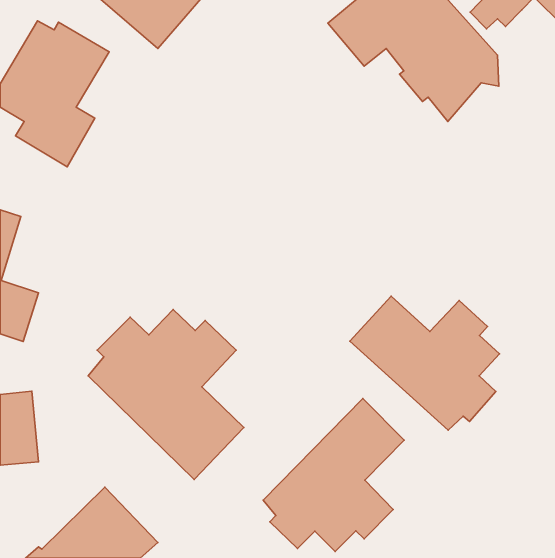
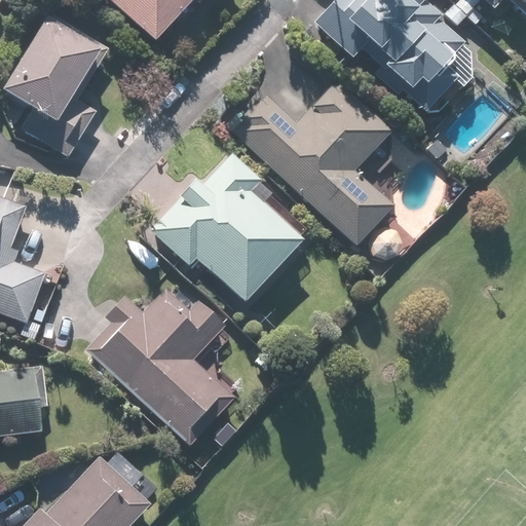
building: none -> [229,84,393,248]
building: none -> [150,156,296,303]
building: [350,296,499,430] -> none
building: [263,398,404,551] -> none

